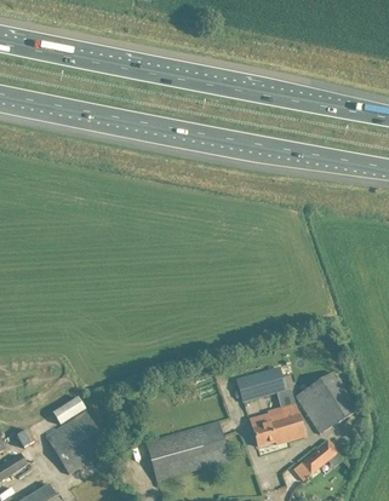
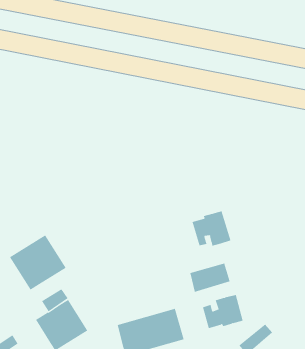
building: none -> [192,210,231,246]
building: none -> [9,234,66,291]
building: [296,372,356,432] -> none

